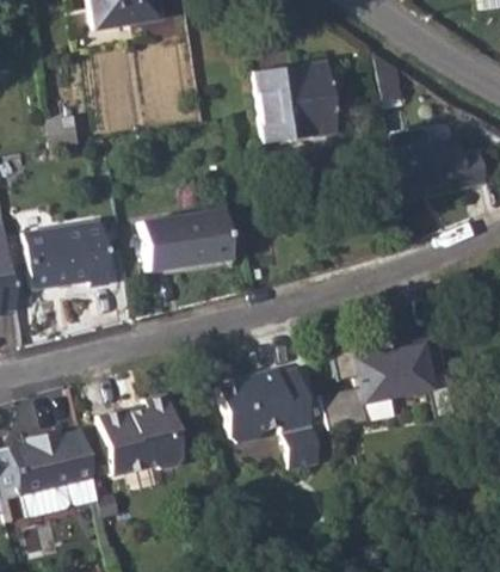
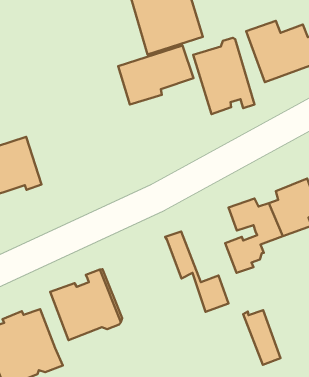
building: none -> [193,38,255,114]
building: [143,209,233,271] -> [118,46,193,105]
building: [274,363,311,431] -> [243,310,281,365]
building: [221,373,266,435] -> none

